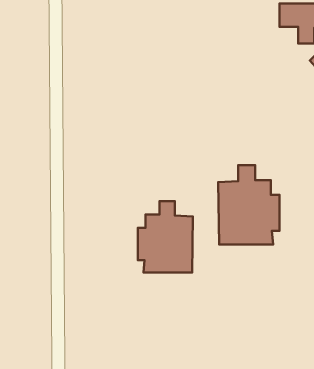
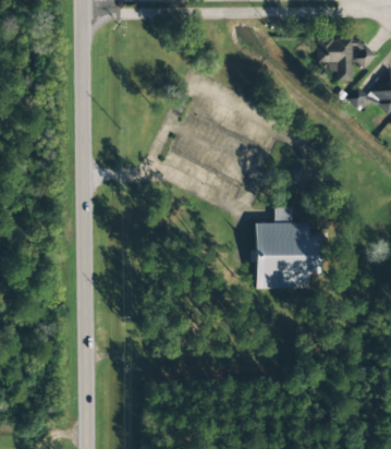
building: [138,201,193,272] -> none

